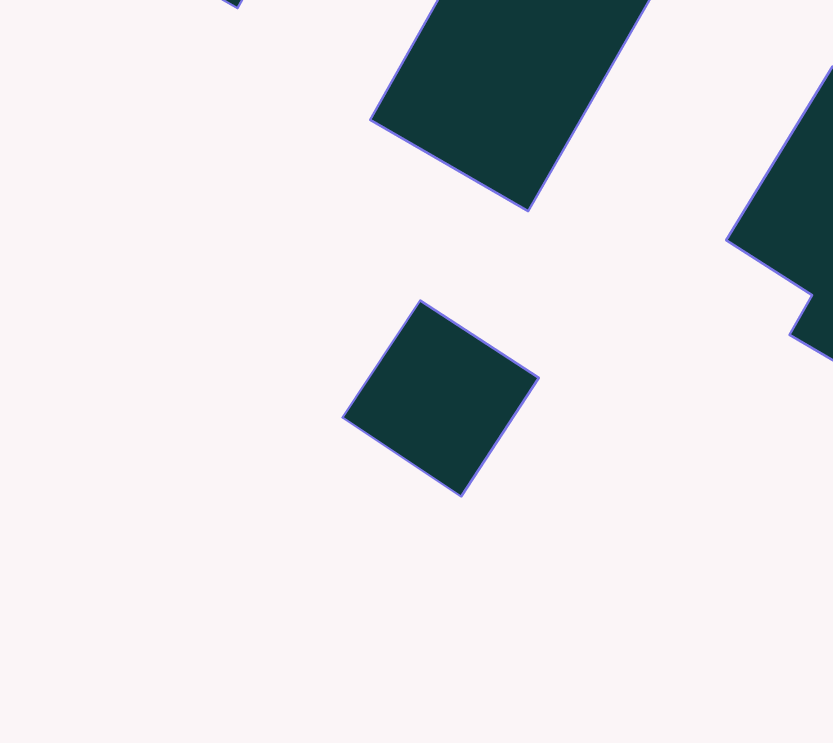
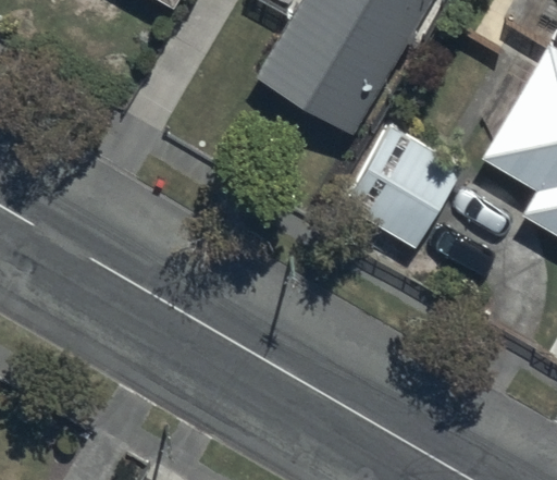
building: [343,300,539,496] -> [337,123,461,247]

